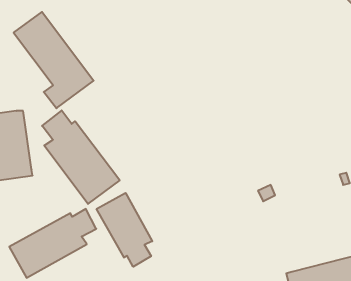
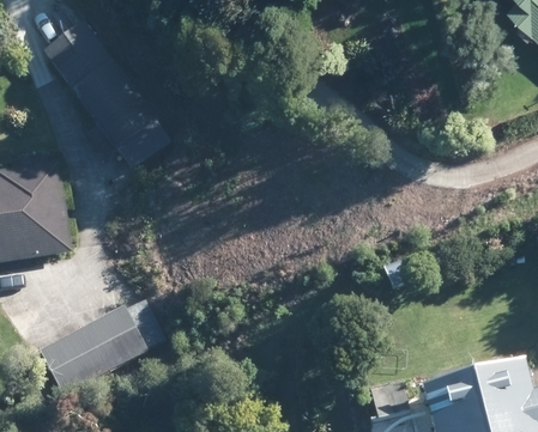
building: [42,110,120,204] -> none
building: [97,193,152,267] -> none

